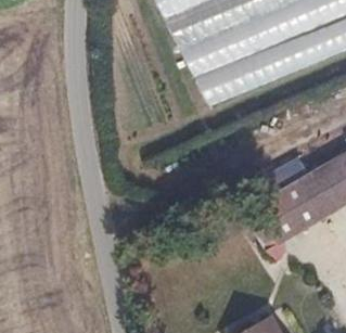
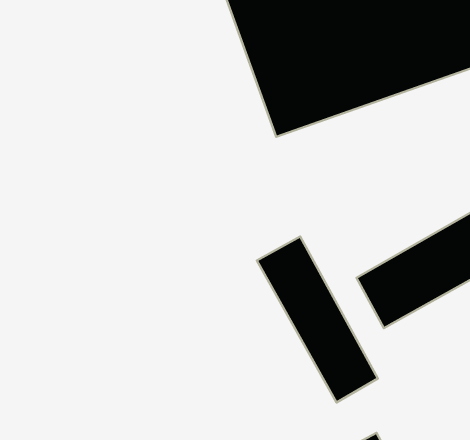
building: none -> [257,237,378,402]

